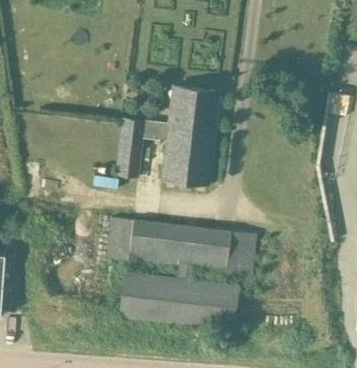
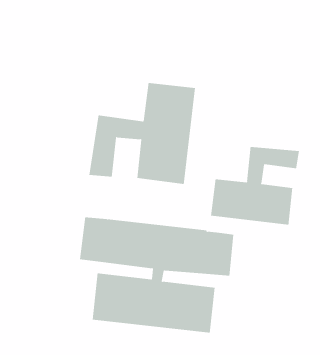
building: none -> [210,146,299,225]

